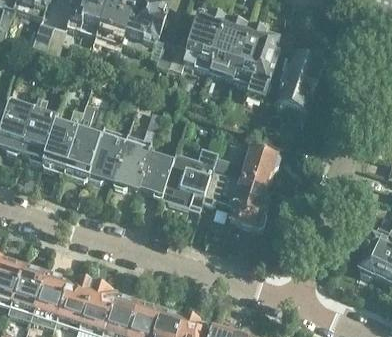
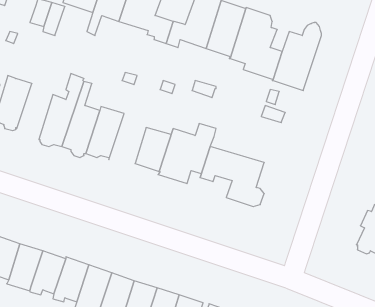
building: [21,106,58,162] -> none
building: [113,109,162,188] -> none
building: [214,146,278,185] -> none

